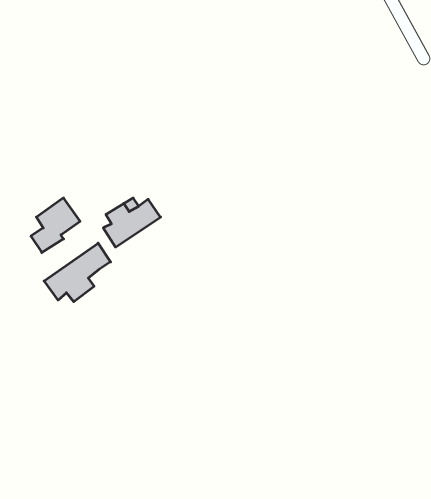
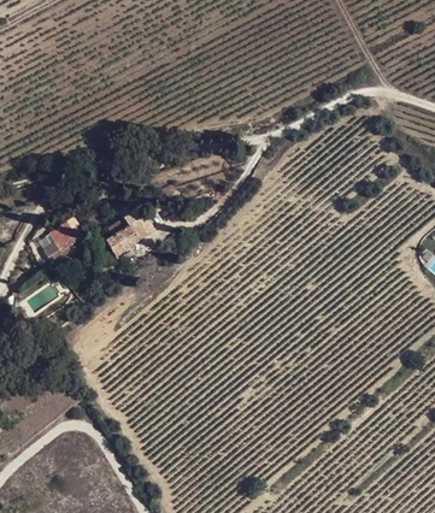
building: [44,243,111,302] -> none

